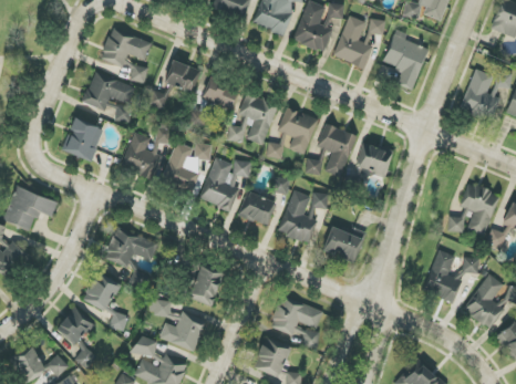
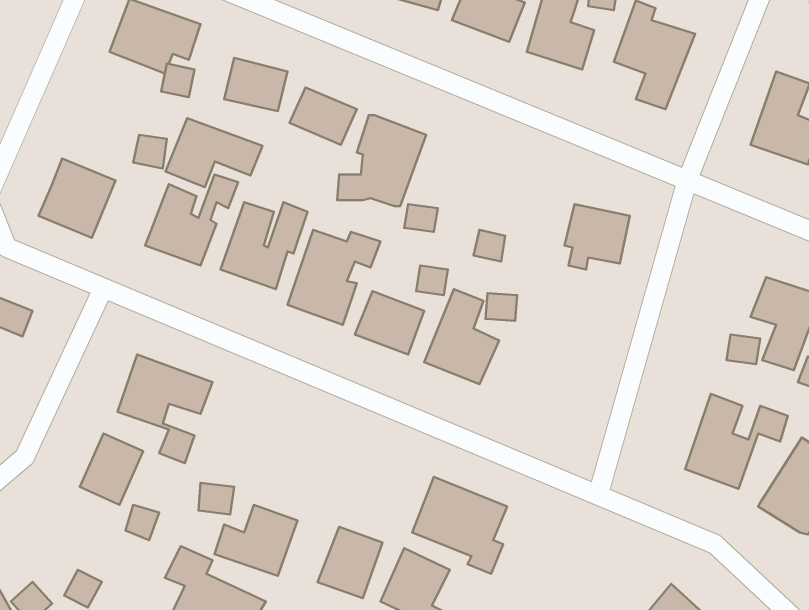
building: [82,72,136,111] -> [165,118,262,187]
building: [278,107,317,154] -> none
building: [317,124,358,177] -> none
building: [322,226,367,262] -> none
building: [188,266,225,305] -> [317,527,383,598]
building: [56,307,95,345] -> none

